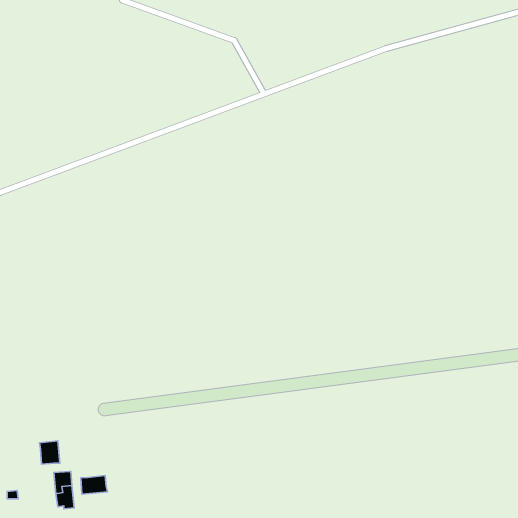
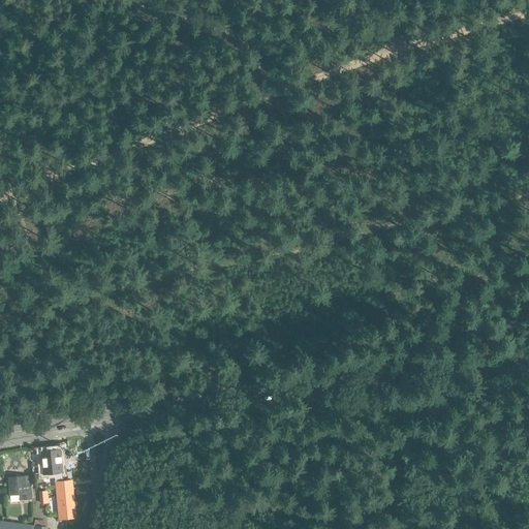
building: none -> [8,475,31,499]
building: [81,476,107,494] -> none

